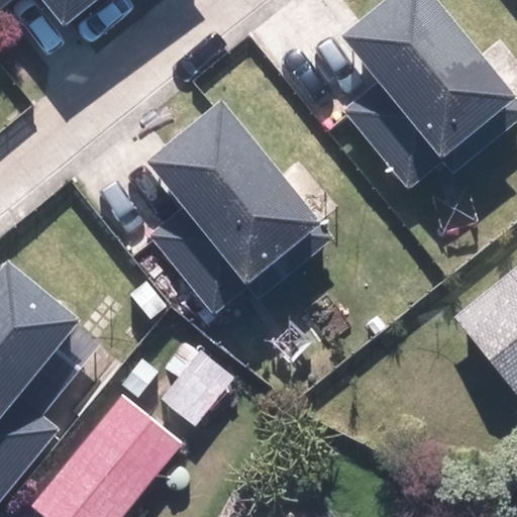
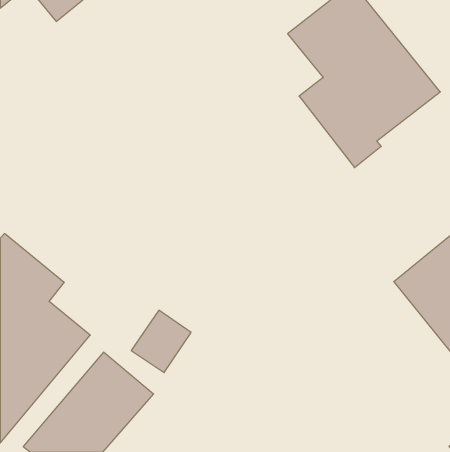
building: [149,100,321,309] -> none

